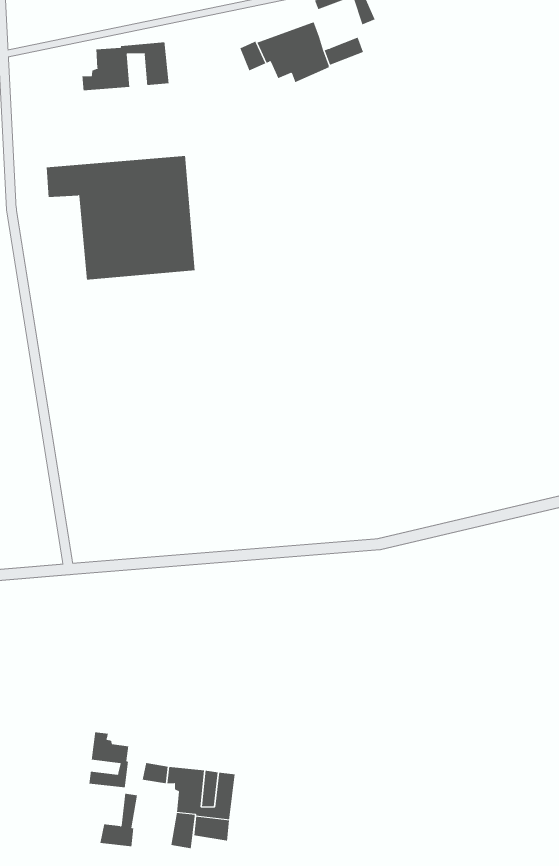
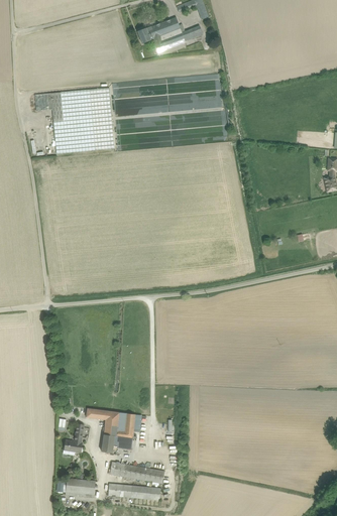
building: [82,42,169,91] -> none
building: [89,732,129,788] -> none

